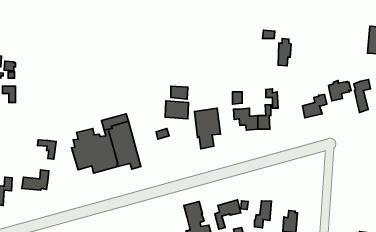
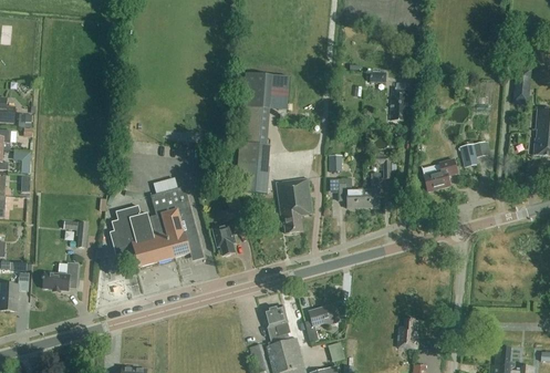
building: none -> [242,72,289,144]
building: [354,79,371,112] -> none
building: none -> [212,222,236,253]
building: [254,201,271,228] -> none

